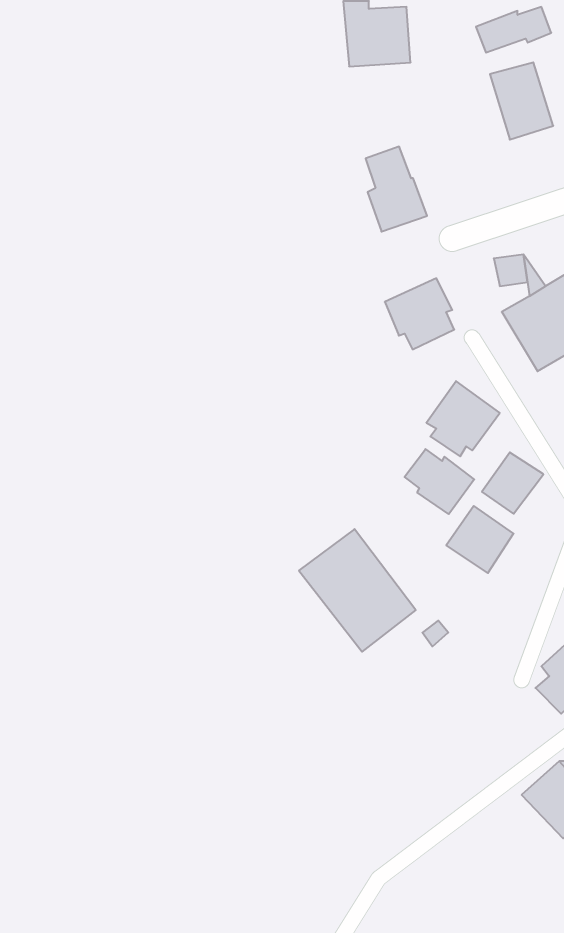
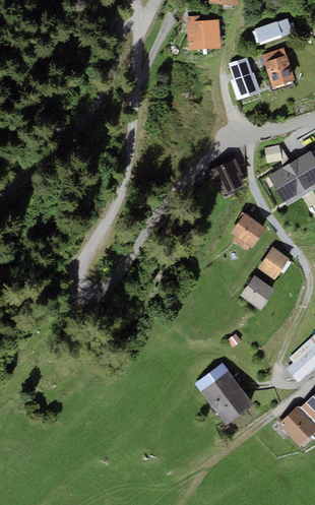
building: [366,147,427,232] -> [230,57,261,101]
building: [405,449,474,514] -> none
building: [299,529,416,652] -> [194,363,254,426]

